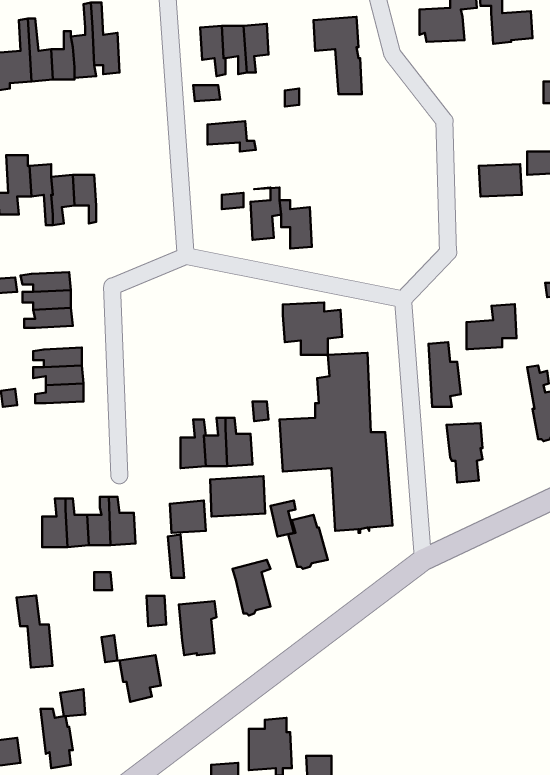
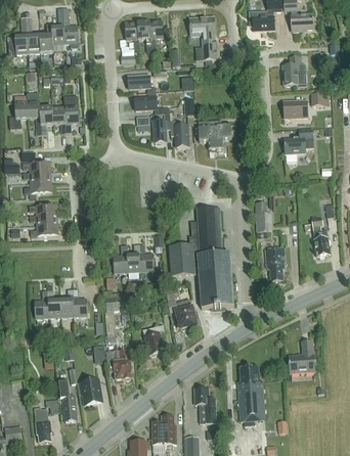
building: none -> [281,56,301,85]
building: none -> [134,92,169,115]
building: none -> [63,96,79,133]
building: [283,303,342,355] -> [198,120,231,149]
building: [466,304,517,349] -> [283,129,312,154]
building: [210,476,265,517] -> none
building: none -> [288,341,314,373]
building: [17,596,52,667] -> [56,380,77,421]
building: none -> [236,366,264,426]
building: none -> [193,389,216,424]

